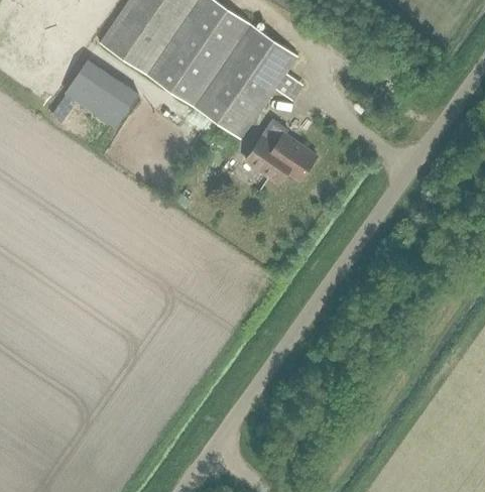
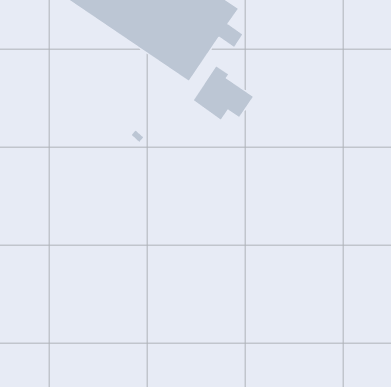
building: [64,59,137,128] -> none

